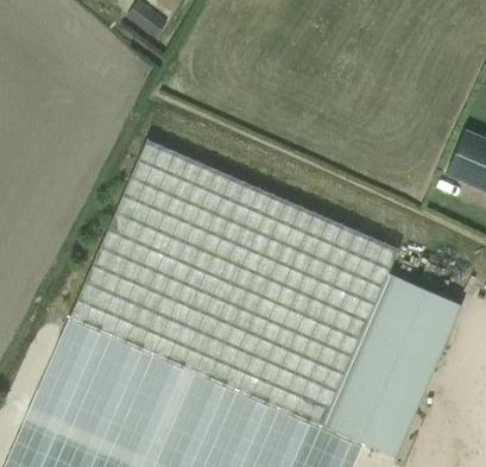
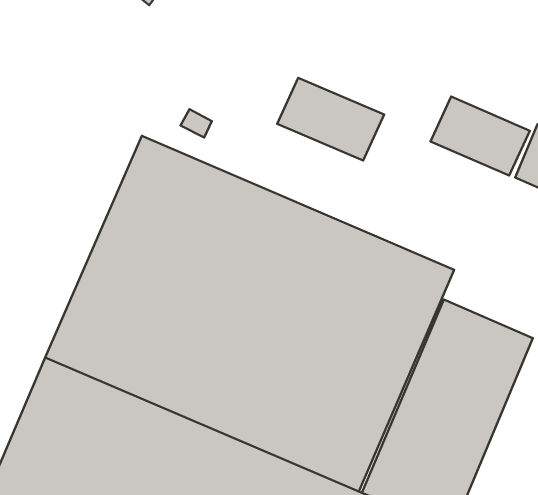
building: none -> [277,78,384,161]
building: none -> [431,97,530,176]

